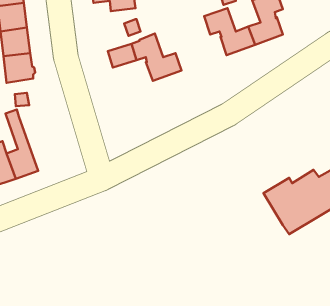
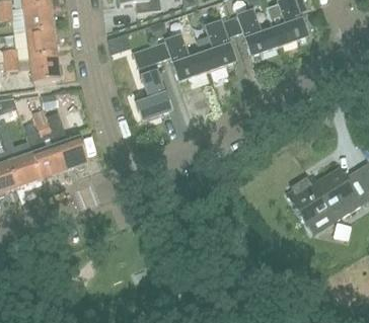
building: none -> [201,16,235,70]
building: none -> [136,69,170,119]
building: none -> [46,111,89,169]

